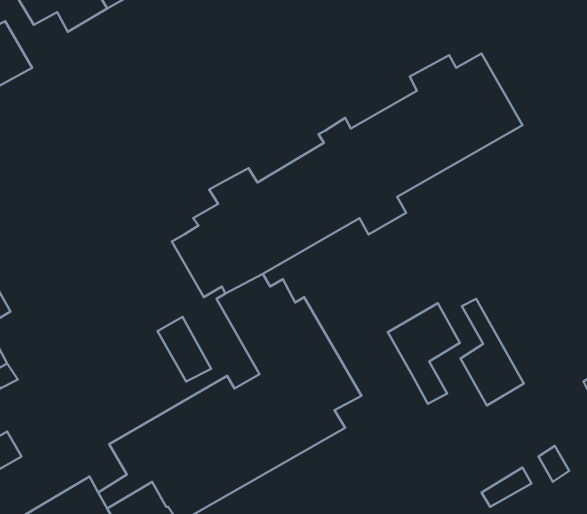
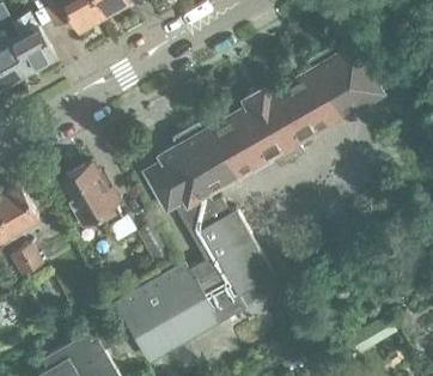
building: none -> [61,165,121,225]
building: [461,299,524,405] -> none
building: [388,303,460,404] -> none

